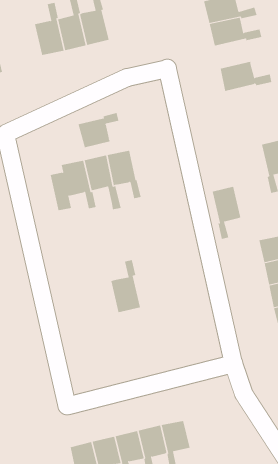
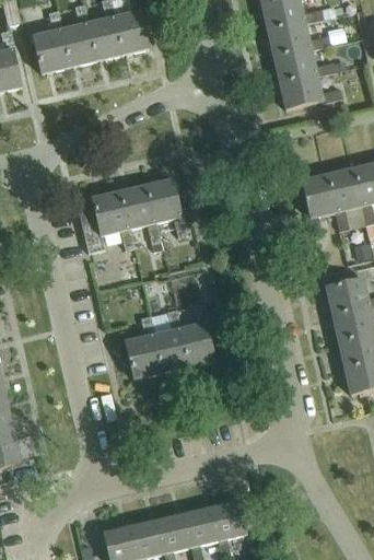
building: none -> [33,10,68,73]
building: none -> [273,47,337,82]
building: [78,112,119,148] -> none
building: [212,186,241,239] -> [303,173,338,236]
building: none -> [177,303,212,366]
building: none -> [124,315,159,378]

